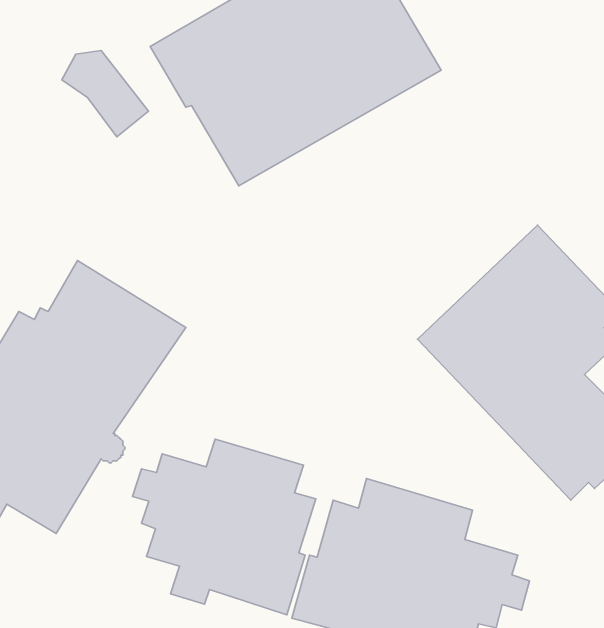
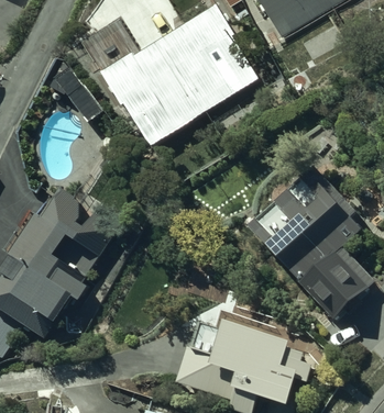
building: [133,439,316,615] -> none

